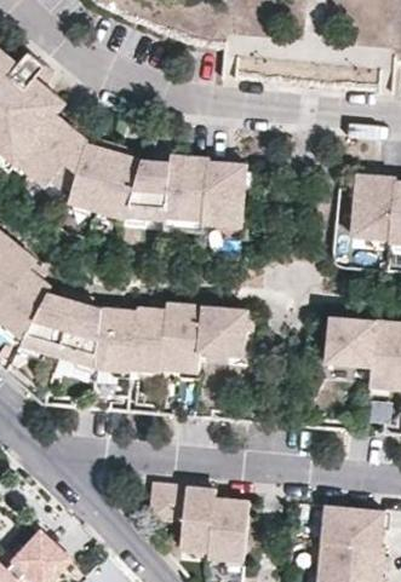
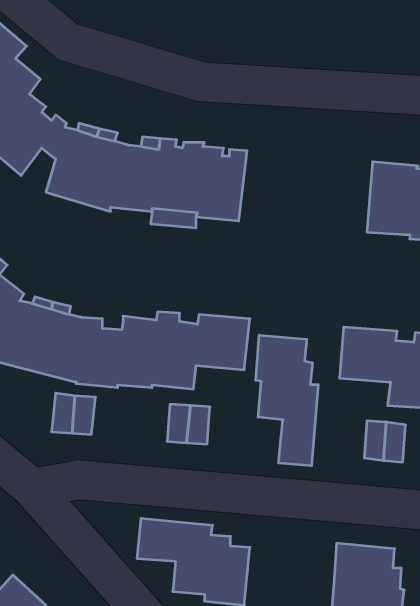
building: none -> [256,335,318,466]

